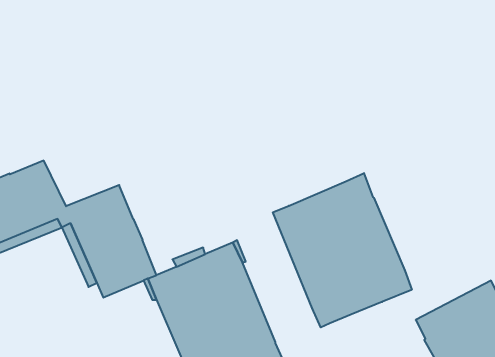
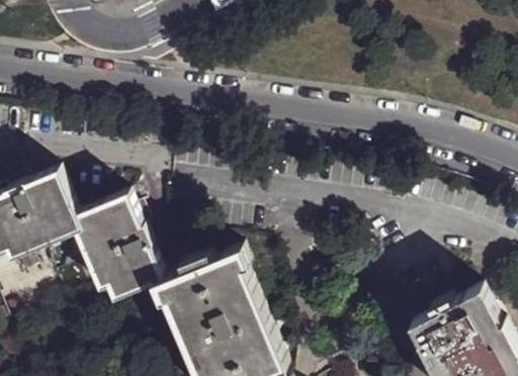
building: [273,173,412,327] -> none

